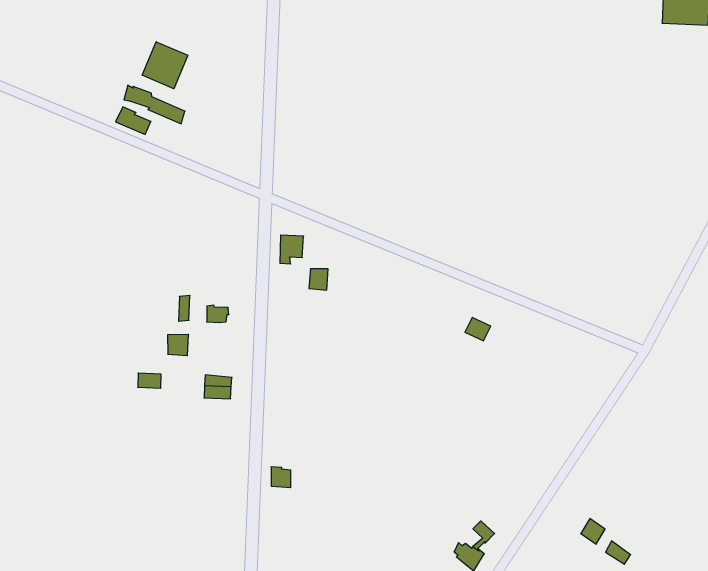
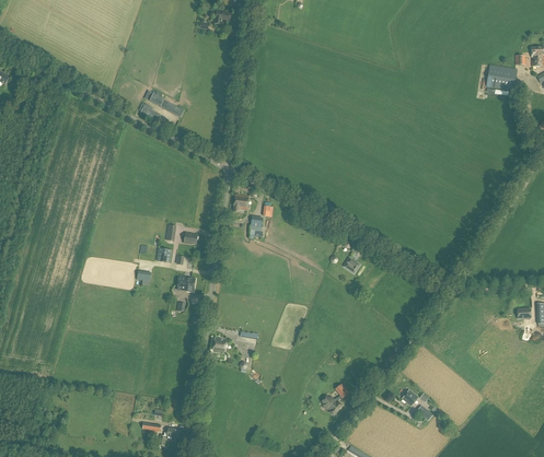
building: [142,42,188,89] -> none

